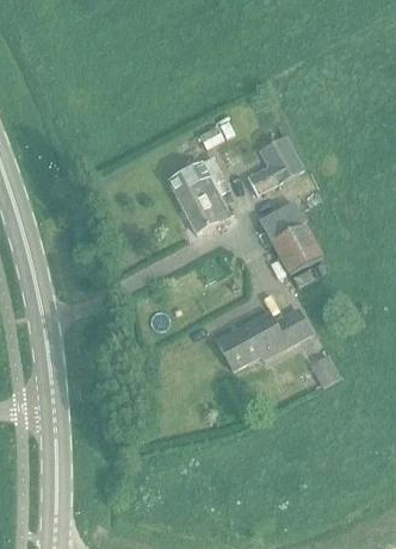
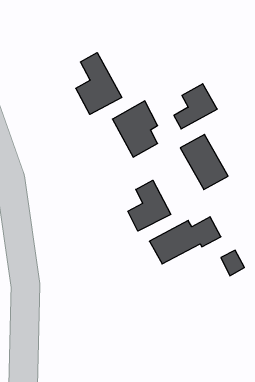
building: none -> [76,53,122,114]
building: none -> [128,180,171,231]

